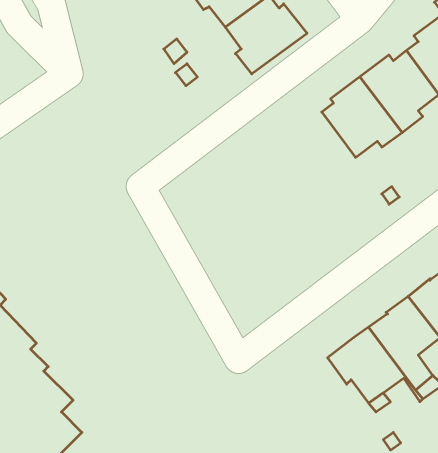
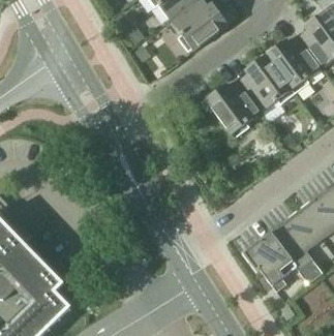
building: none -> [206,81,263,140]

